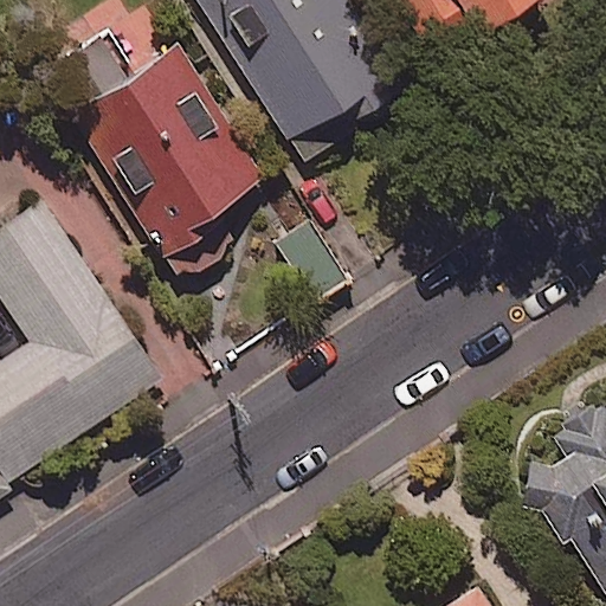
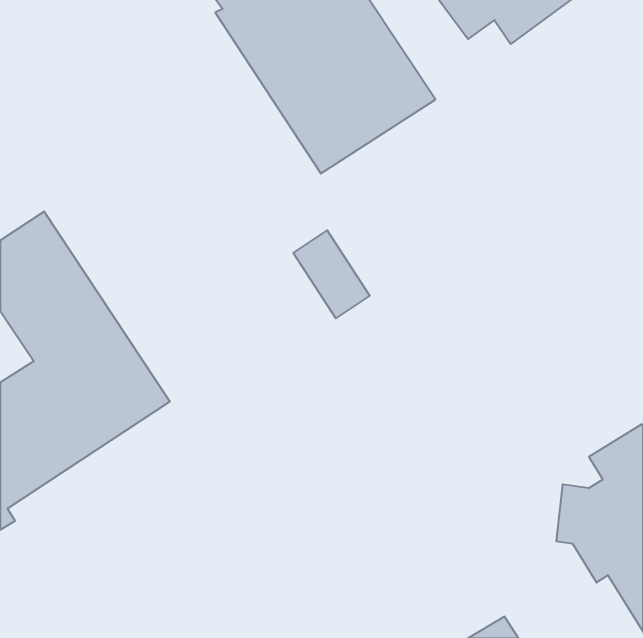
building: [72,49,266,253] -> none

